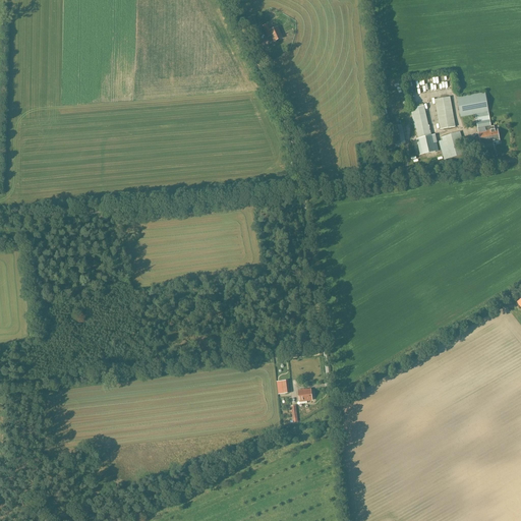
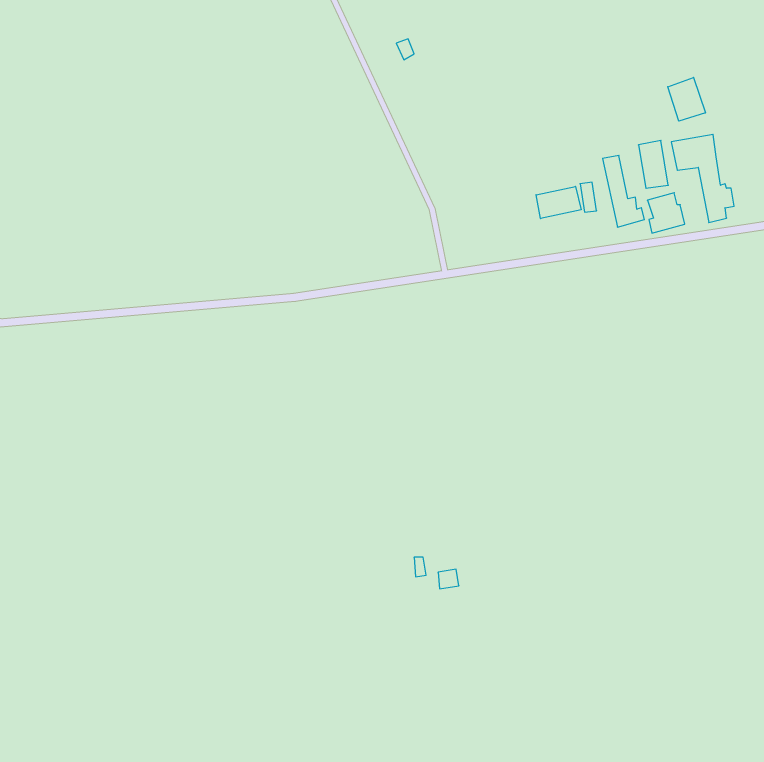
building: none -> [668,77,705,121]
building: none -> [536,186,581,219]

